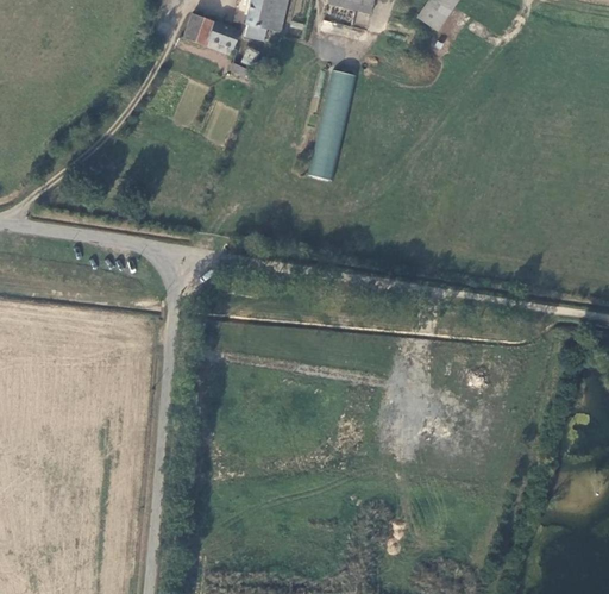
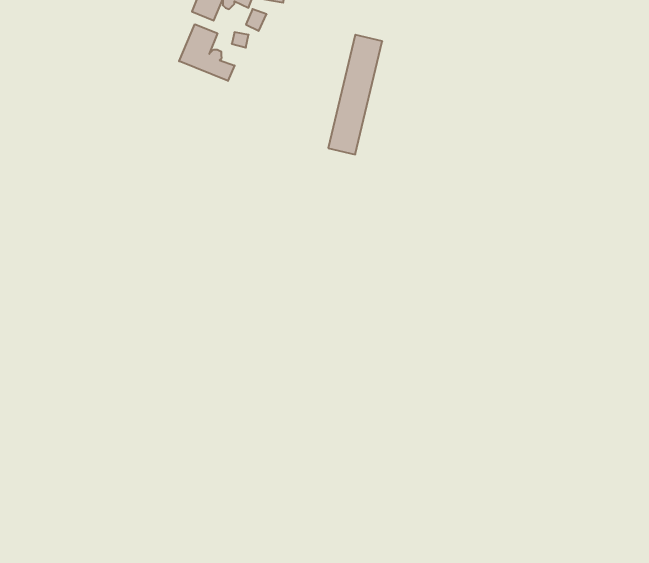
building: none -> [179,24,235,81]

